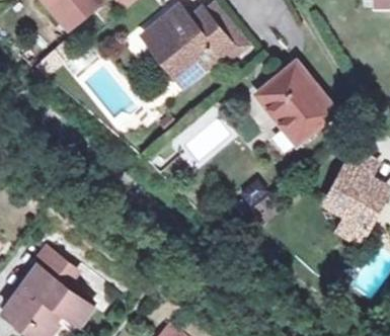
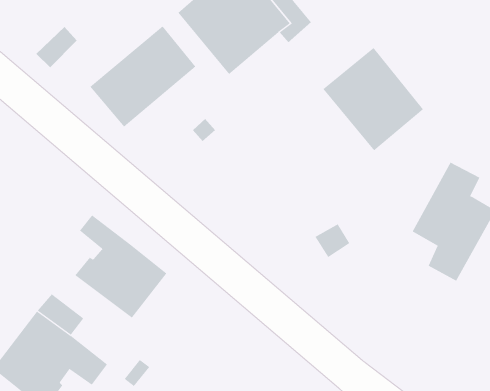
building: none -> [89,26,196,128]
building: none -> [74,215,167,319]

